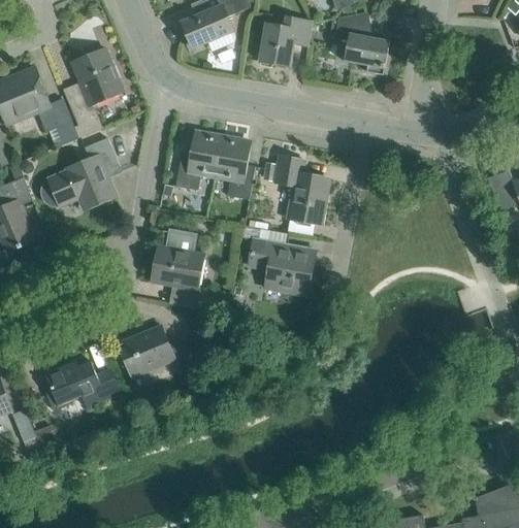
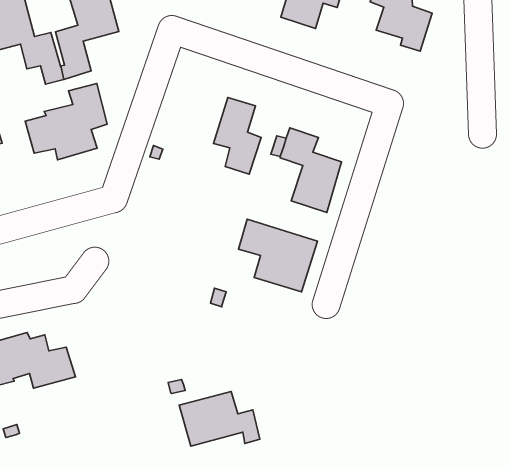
building: [175,132,222,191] -> none
building: [153,229,227,314] -> none
building: [117,326,190,377] -> [179,391,260,446]

